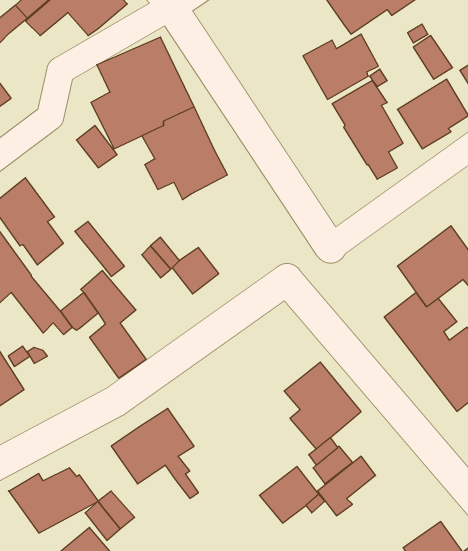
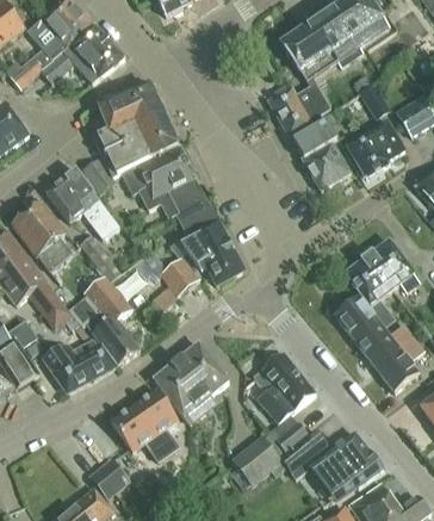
building: none -> [45,167,119,235]
building: none -> [175,197,243,284]
building: none -> [154,342,228,422]
building: none -> [310,432,382,495]
building: [8,468,98,533] -> [42,337,116,391]

